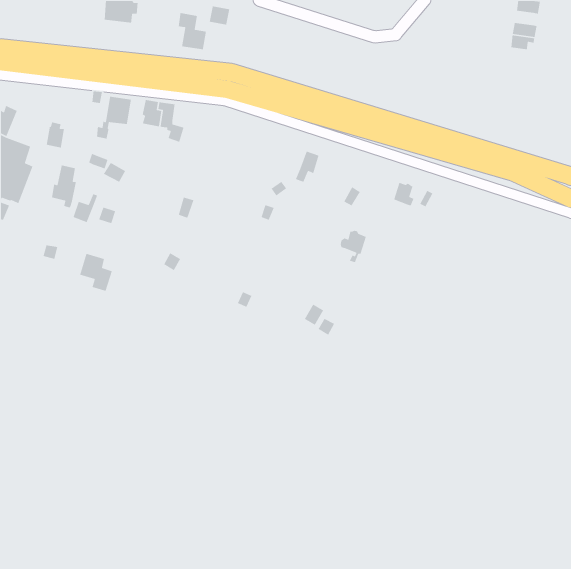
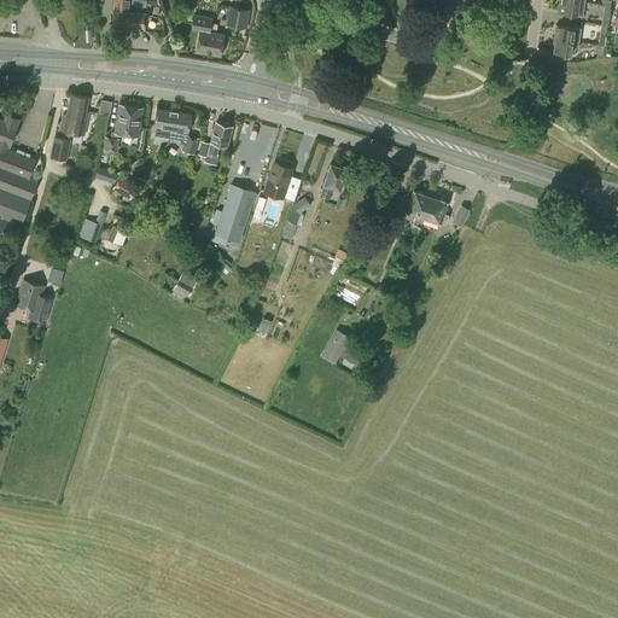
building: none -> [198,123,232,165]
building: none -> [264,163,292,198]
building: [51,165,77,208] -> [60,94,88,141]
building: none -> [215,185,257,240]
building: [340,230,367,263] -> [402,191,431,227]
building: [79,253,113,292] -> [16,280,52,322]

